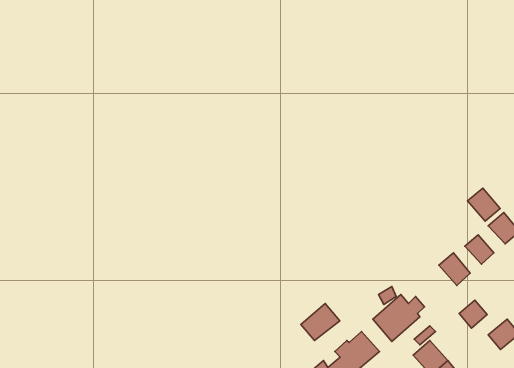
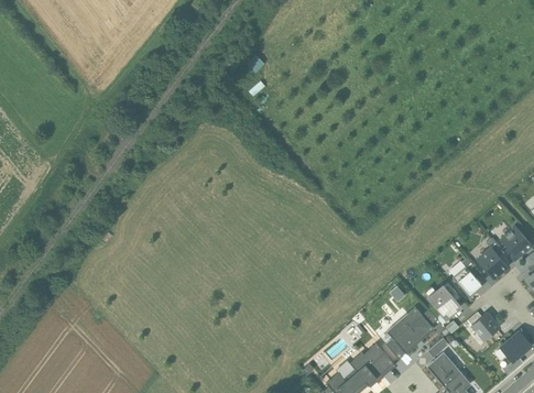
building: [468,188,500,221] -> none
building: none -> [428,286,459,318]
building: [301,303,340,341] -> none

